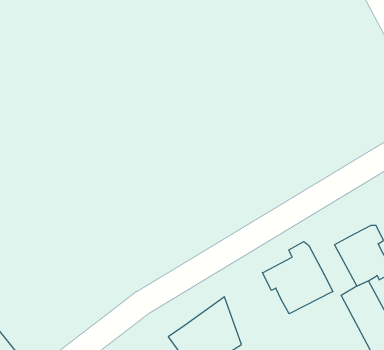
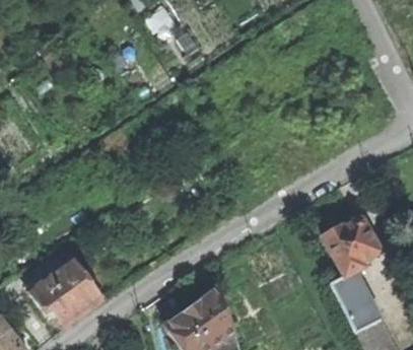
building: [262,242,333,314] -> none
building: none -> [28,257,104,327]

